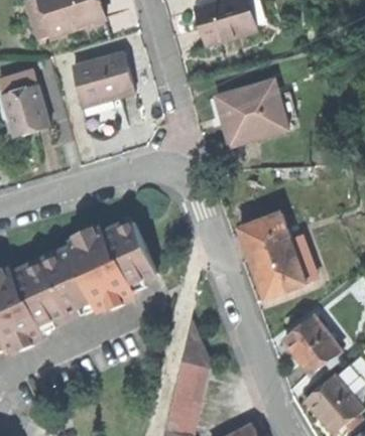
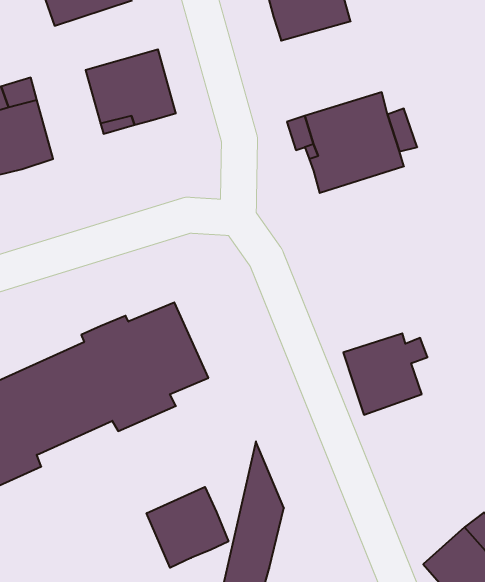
building: [239,213,289,257] -> none
building: [278,315,339,376] -> none
building: none -> [147,487,228,568]

